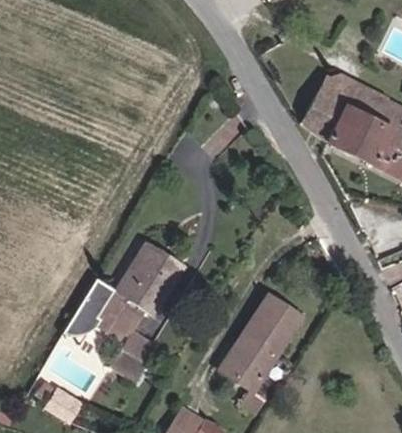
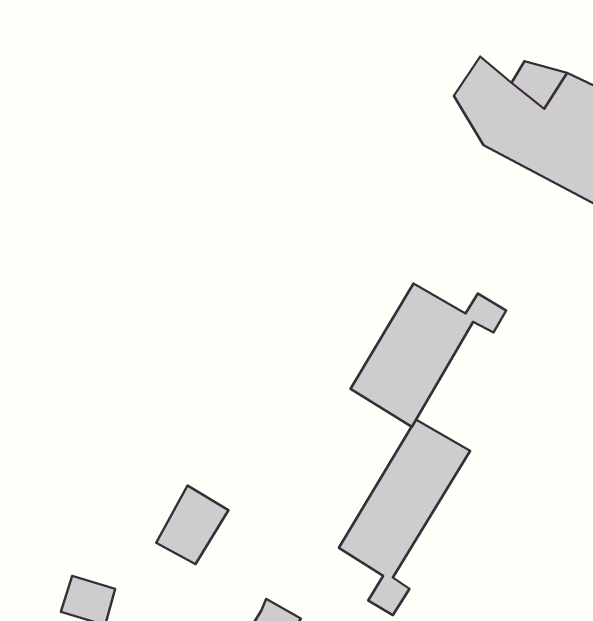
building: none -> [350,283,506,427]
building: [65,244,184,344] -> none

